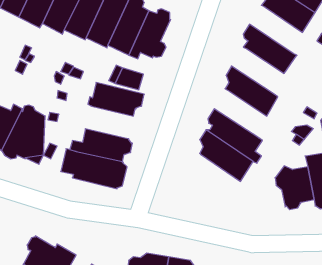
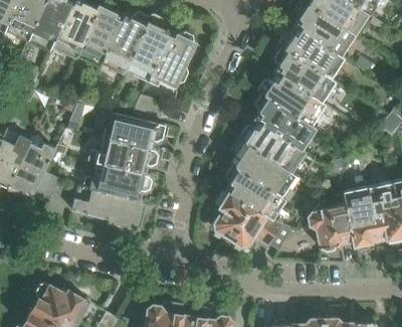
building: none -> [277,28,343,79]
building: none -> [257,74,323,125]
building: none -> [238,122,306,173]
building: none -> [88,138,158,174]
building: none -> [214,191,289,249]

